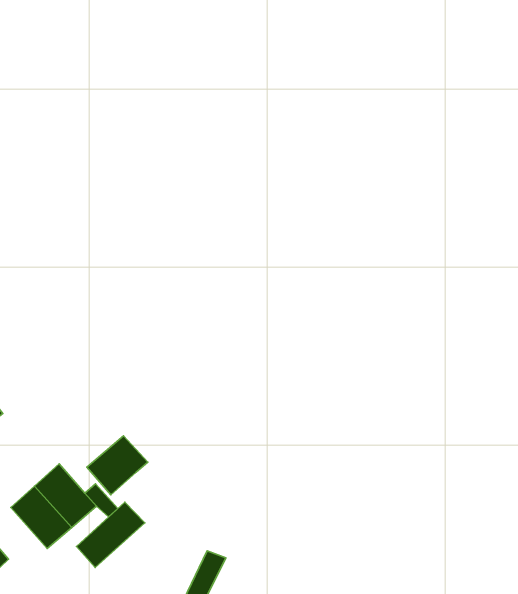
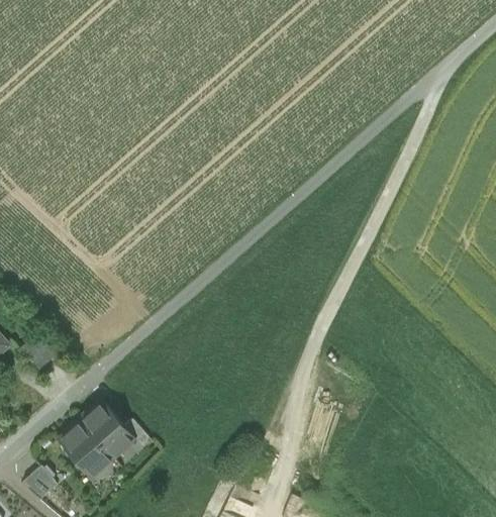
building: [87,436,148,495] -> none
building: [76,502,145,567] -> none

